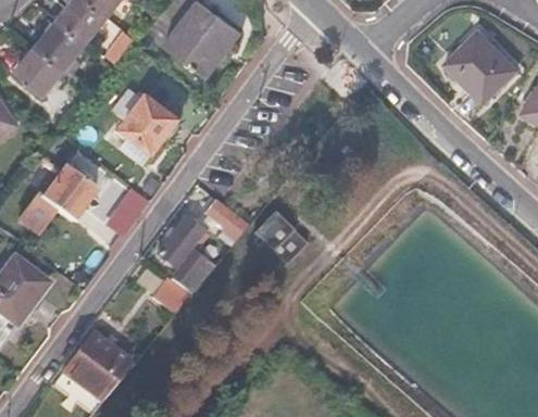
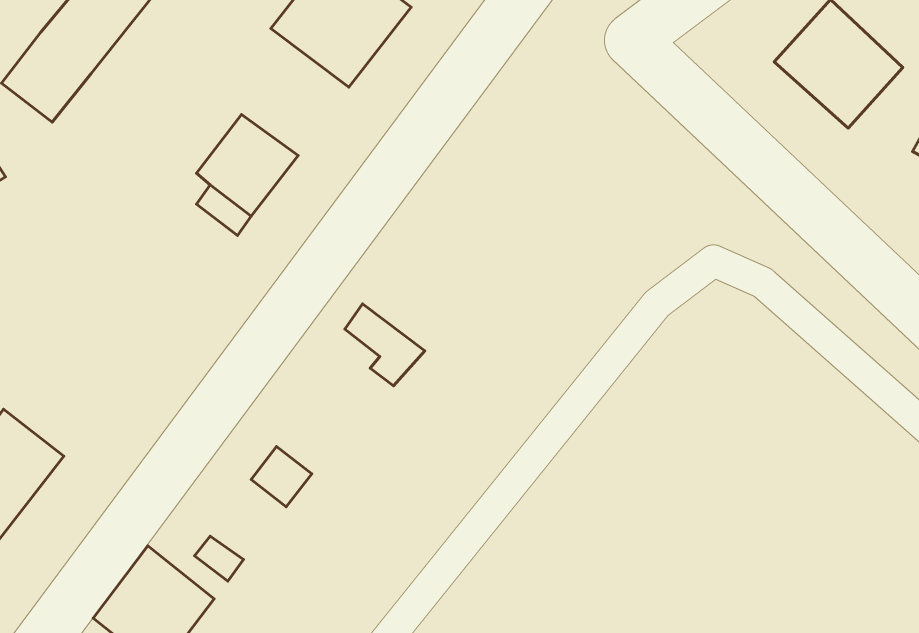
building: [18,165,96,232] -> none
building: [255,211,308,270] -> none
building: [159,216,214,293] -> none

